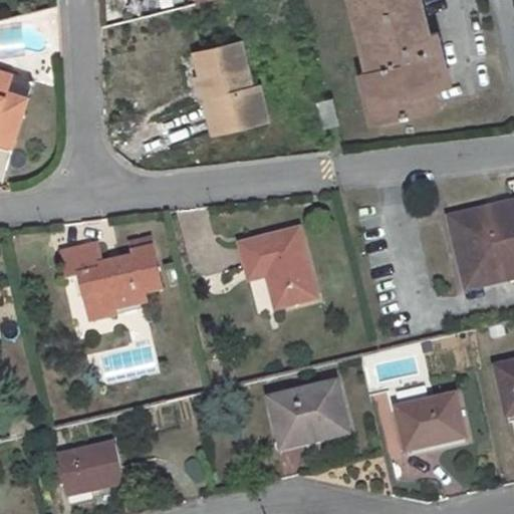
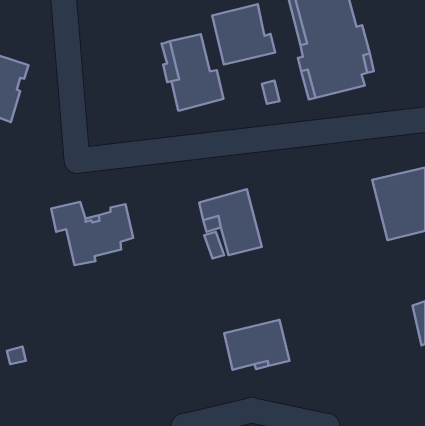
building: none -> [212,4,275,64]
building: [396,394,464,451] -> none
building: [57,443,122,496] -> none

